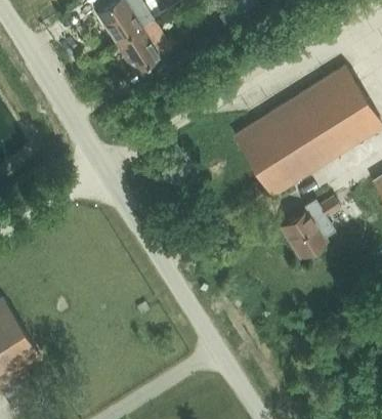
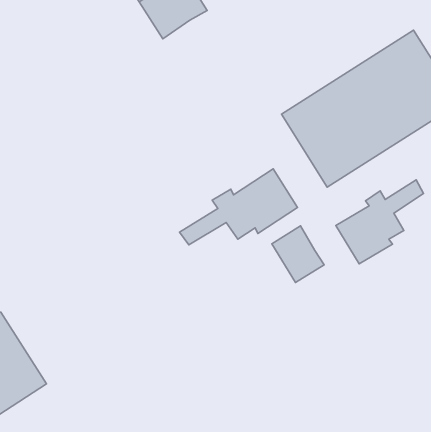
building: none -> [180,169,298,245]
building: none -> [272,226,324,283]

